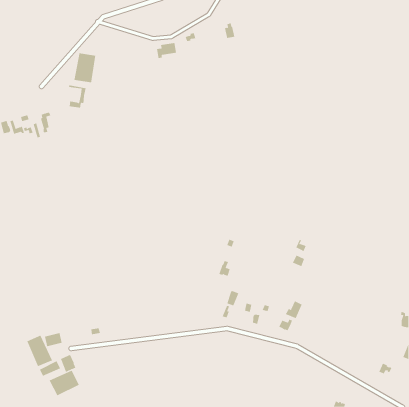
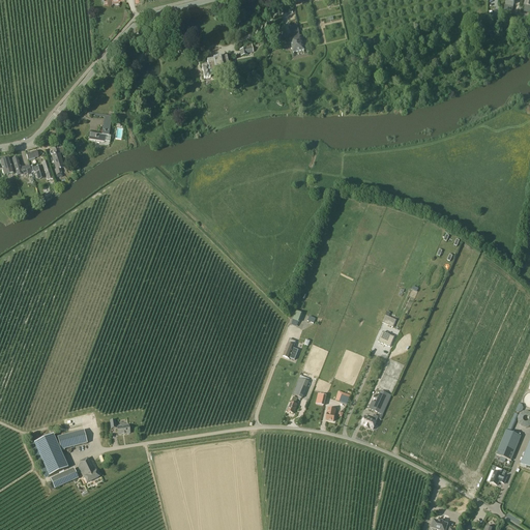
building: [74,52,96,83] -> none
building: none -> [496,429,521,458]
building: [49,370,79,396] -> none

